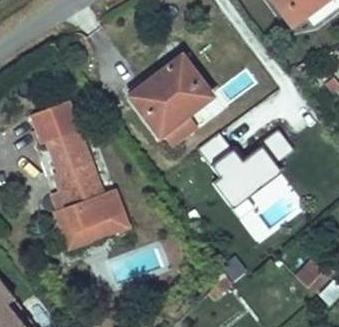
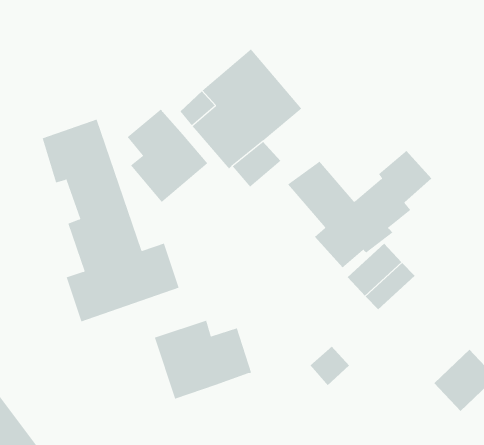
building: none -> [127,109,208,203]
building: none -> [154,320,252,399]

